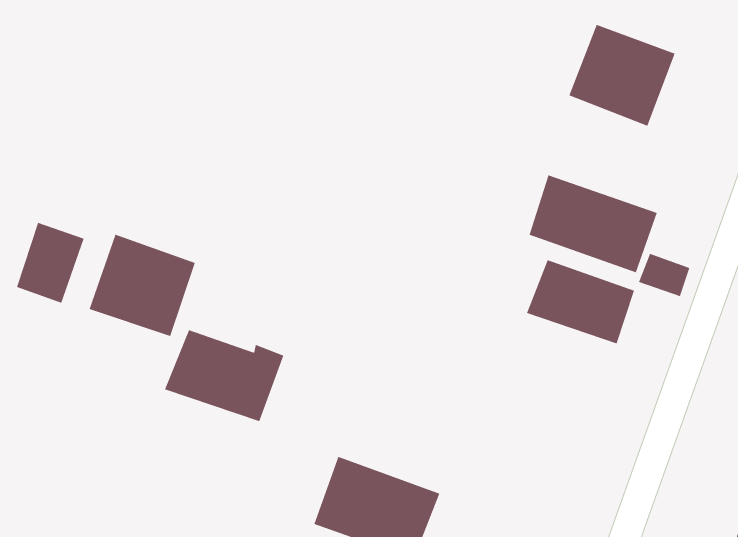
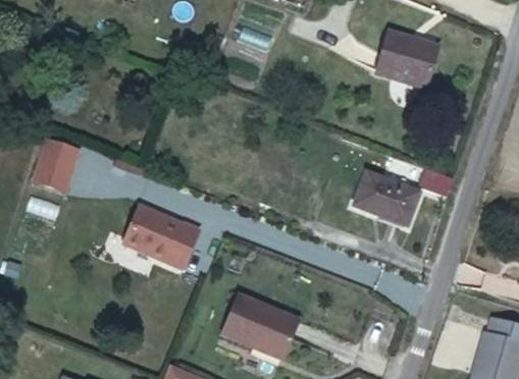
building: [529,174,658,273] -> none
building: [89,234,196,337] -> none

